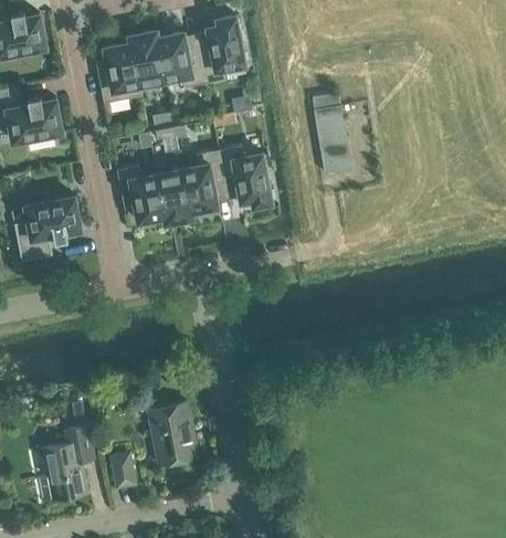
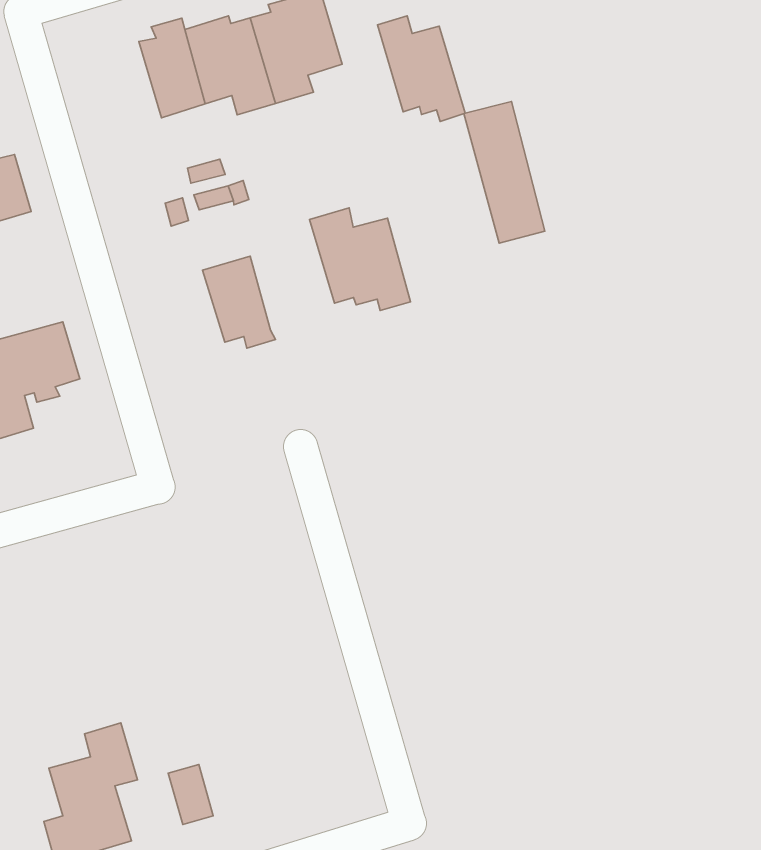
building: none -> [378,16,465,121]
building: [96,42,144,104] -> none
building: [185,151,230,212] -> none
building: [118,166,166,222] -> none
building: [148,402,198,465] -> none

